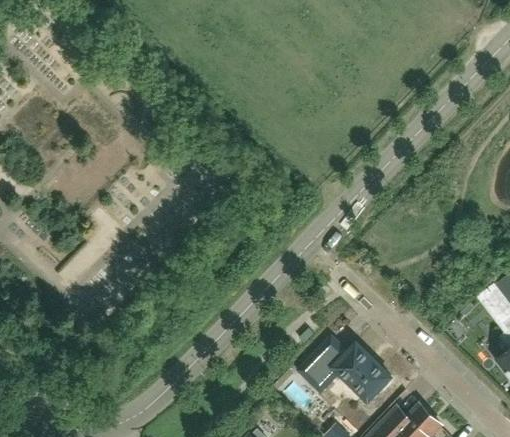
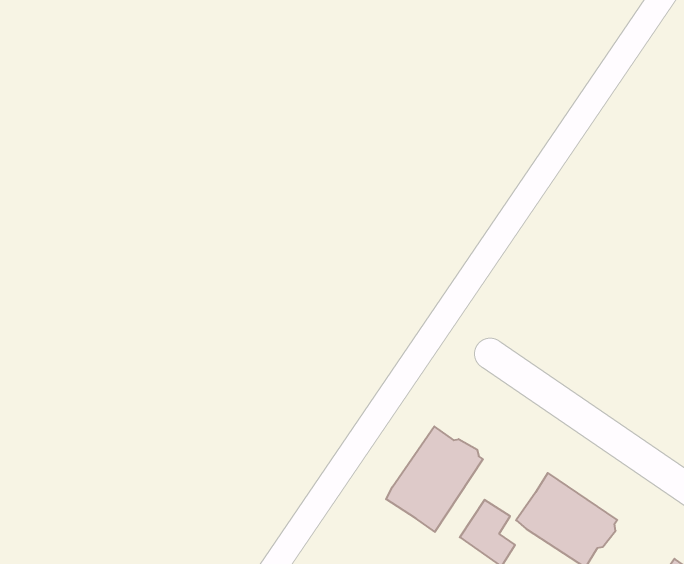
building: none -> [386,426,483,532]

